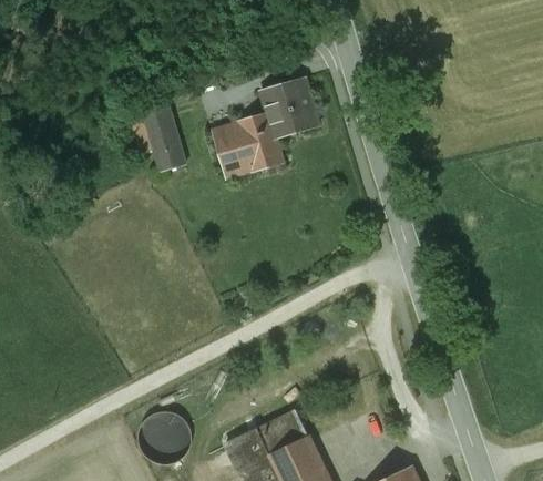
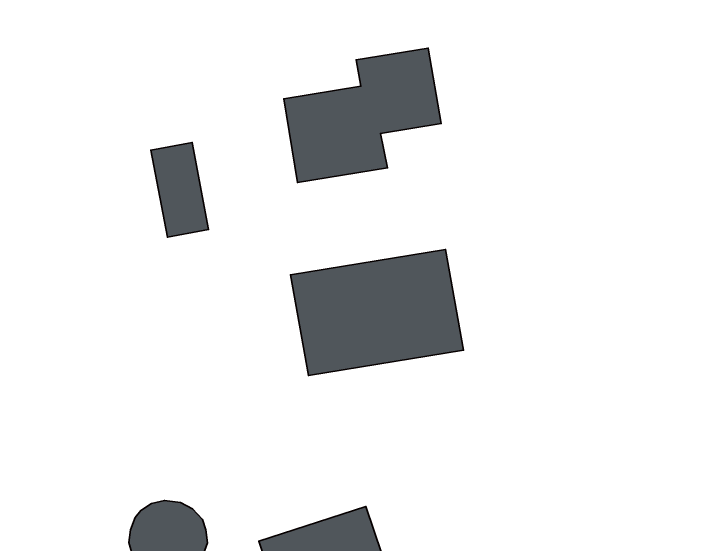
building: [139,109,185,176] -> [151,142,208,237]
building: none -> [291,249,463,376]

